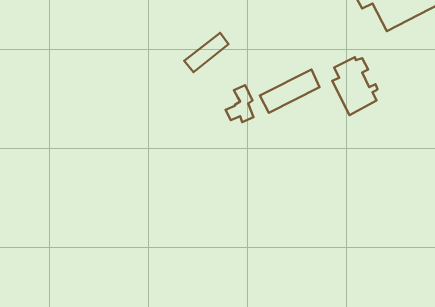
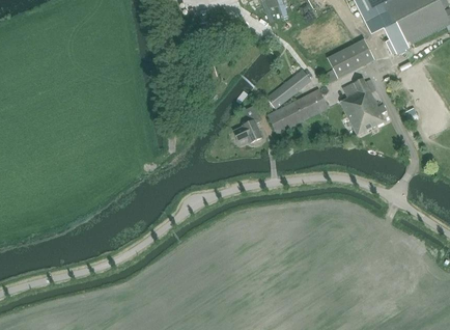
building: none -> [324,38,374,83]
building: [184,33,229,72] -> [266,68,311,108]

